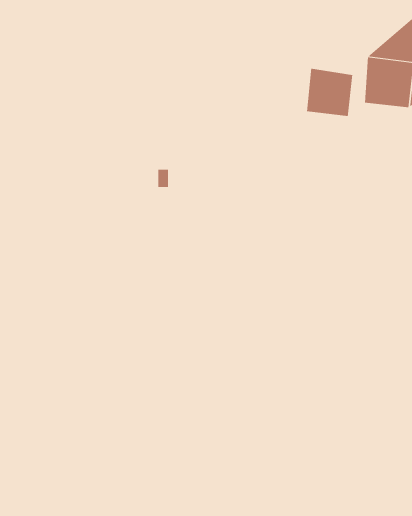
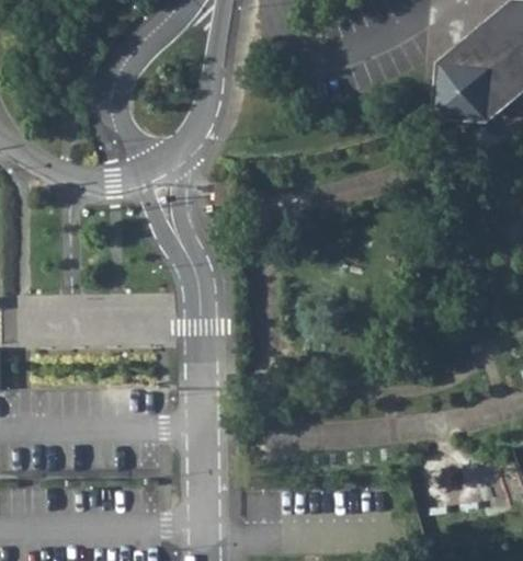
building: [306,68,353,117] -> none

